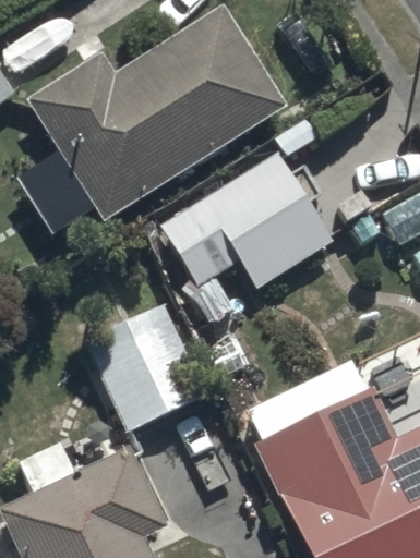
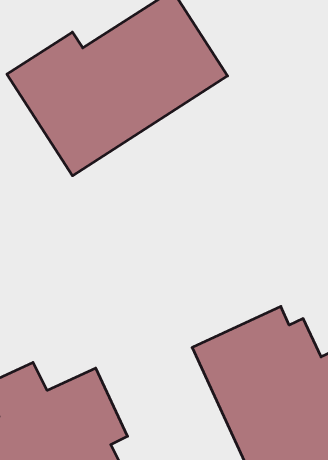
building: [160,119,332,286] -> none
building: [82,298,214,435] -> none

